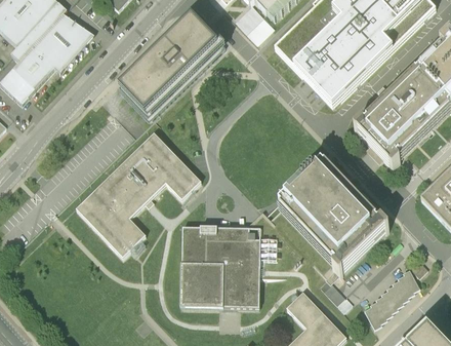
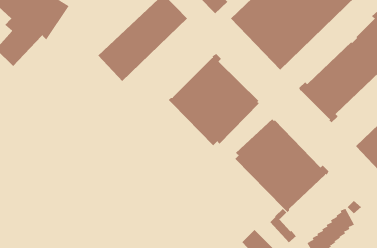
building: none -> [168,53,260,146]
building: [76,132,201,257] -> none
building: [180,227,259,307] -> none

